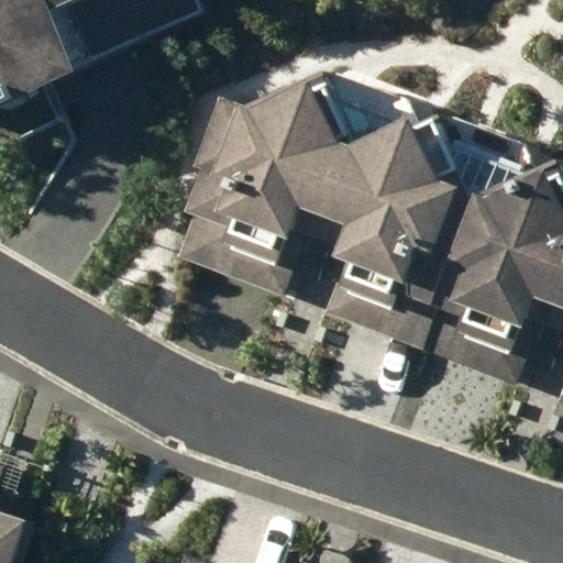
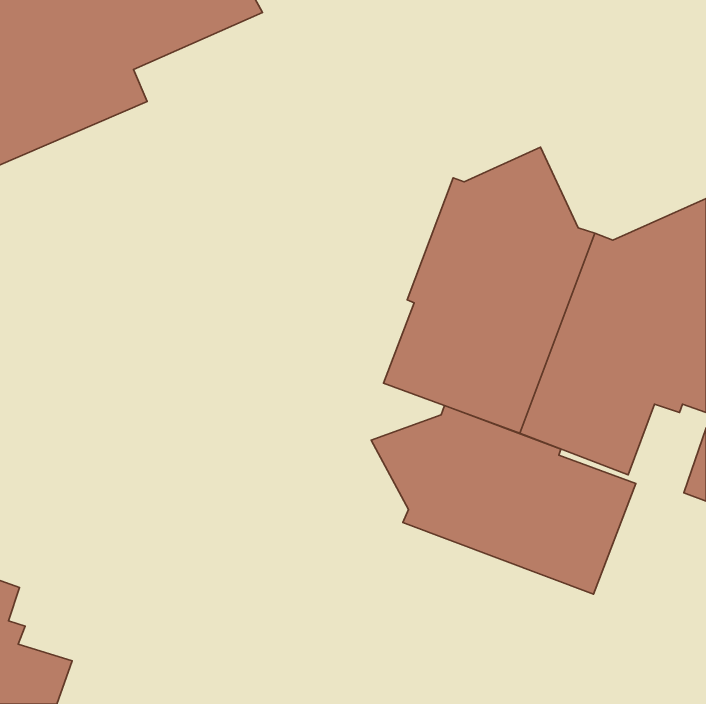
building: [162,77,358,283] -> none
building: none -> [371,406,636,594]

